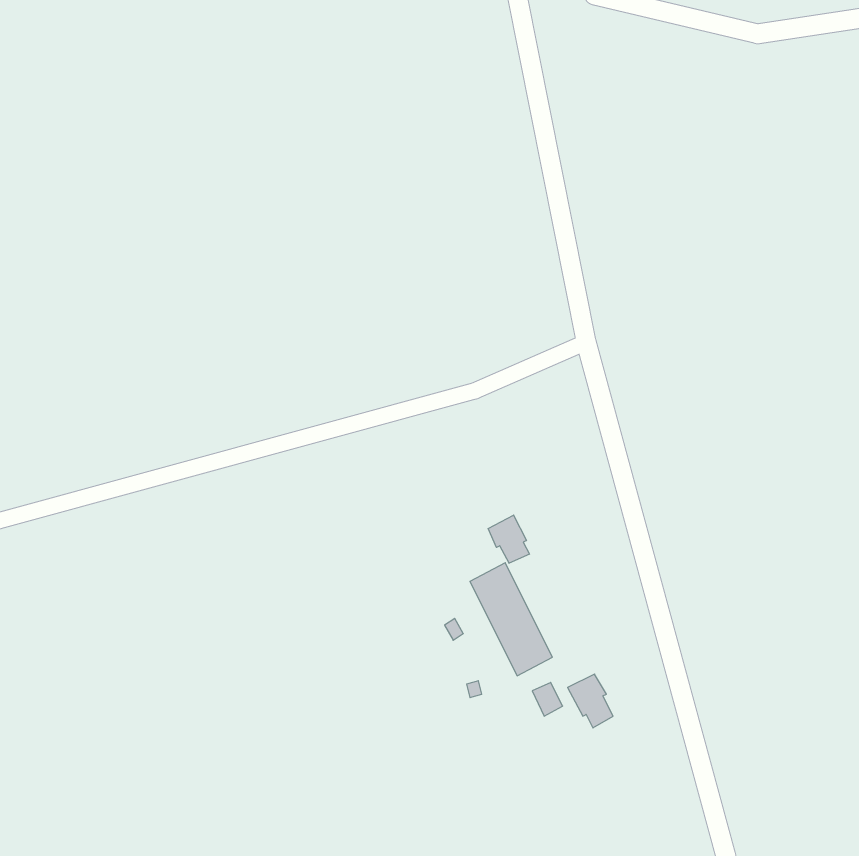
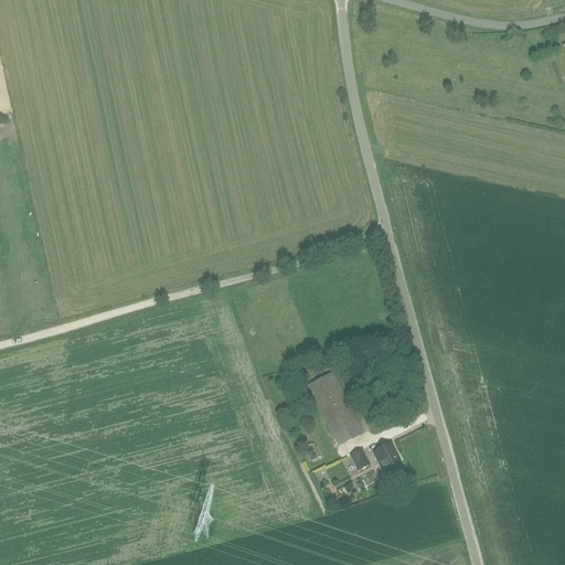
building: [488,515,529,563] -> none

